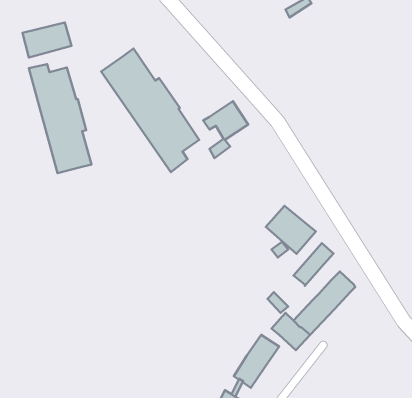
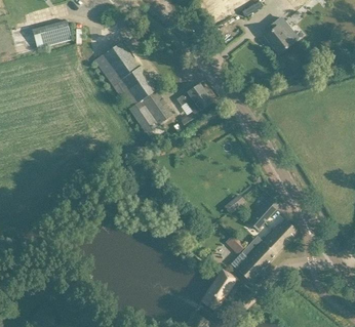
building: none -> [265,16,298,53]
building: [29,64,92,173] -> none
building: [266,206,316,254] -> none

